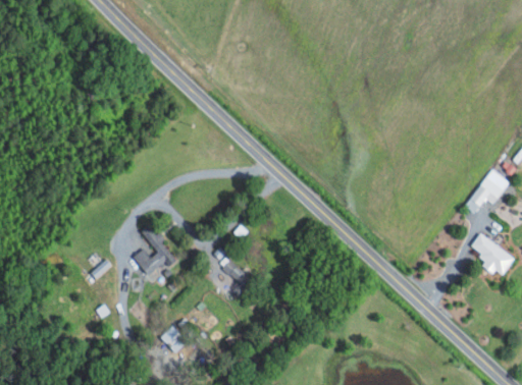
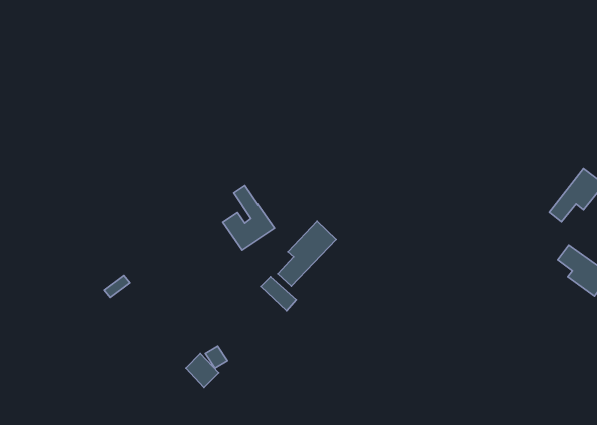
building: none -> [278,221,336,286]
building: [133,225,176,279] -> [222,186,275,250]

